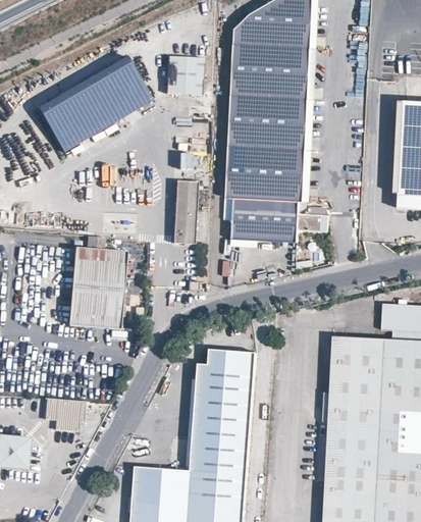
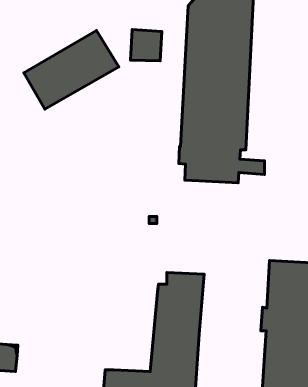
building: [172,182,195,244] -> none
building: [67,236,125,329] -> none
building: [42,400,83,432] -> none

